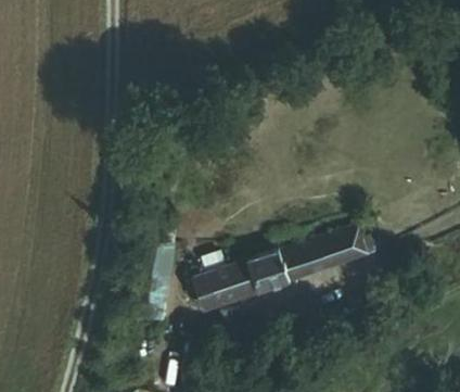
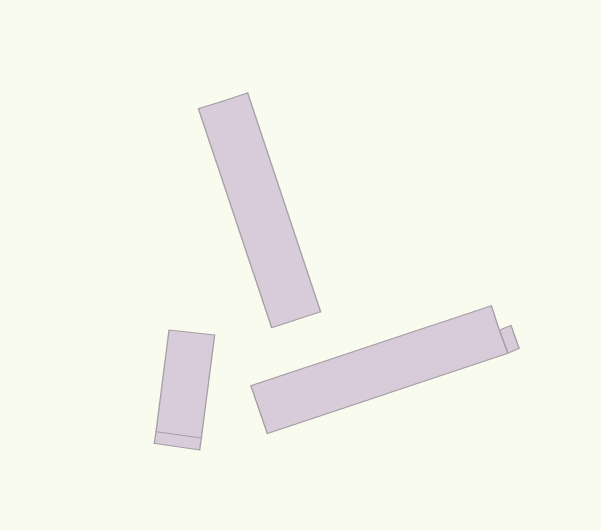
building: none -> [199,93,321,328]

